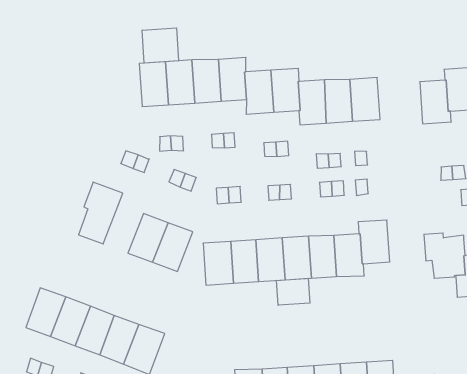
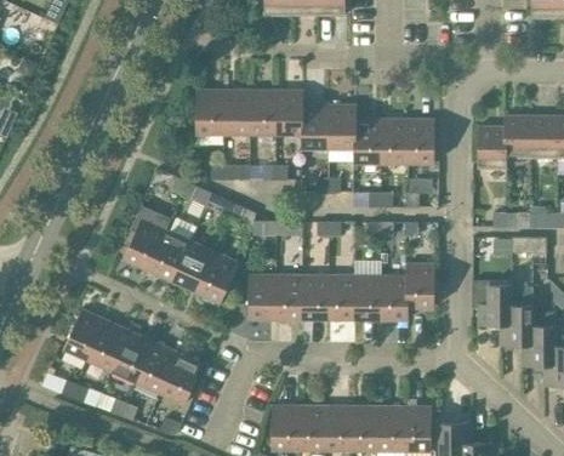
building: [142,28,178,63] -> none
building: none -> [147,230,189,280]
building: [277,278,310,305] -> none

